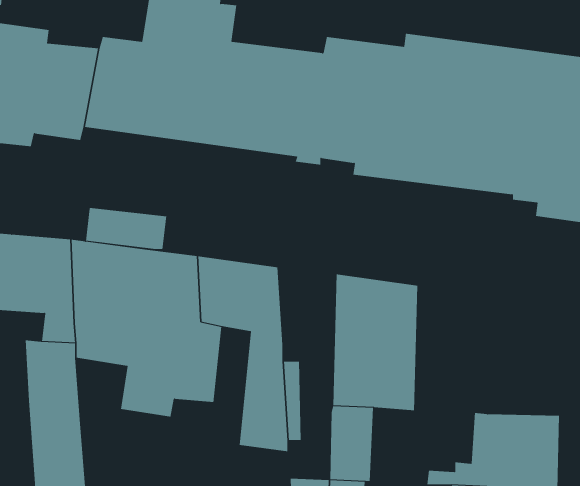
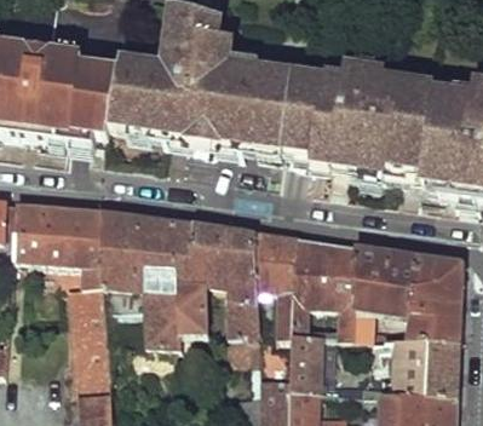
building: [85,207,167,250] -> none
building: none -> [252,230,294,336]
building: none -> [352,243,462,339]

